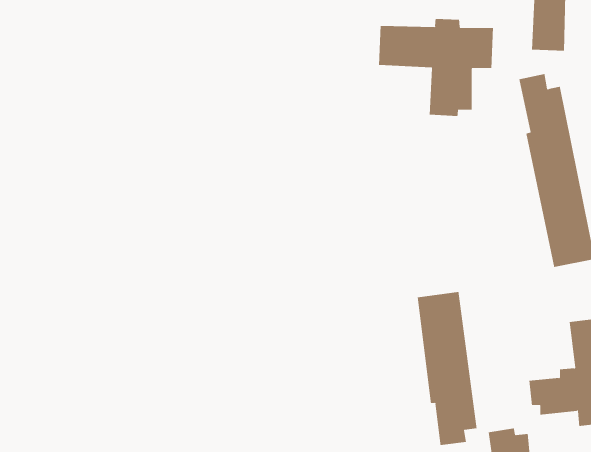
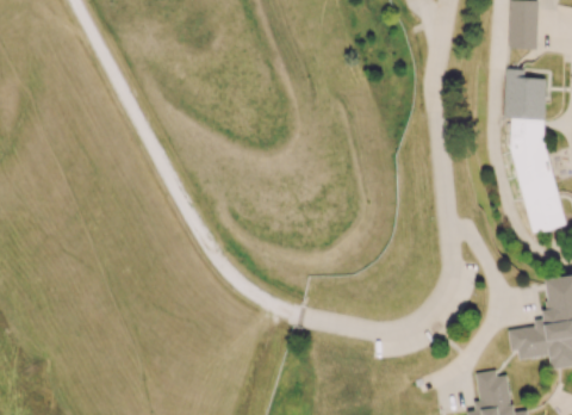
building: [378,18,493,117] -> none
building: [417,291,477,446] -> none

